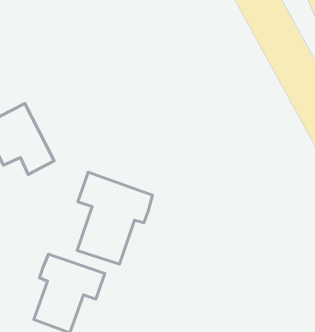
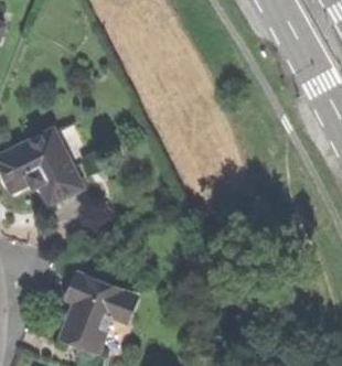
building: [77,172,153,264] -> none

